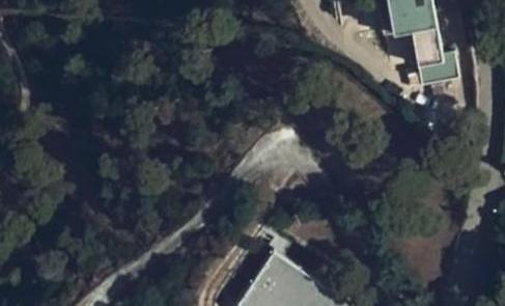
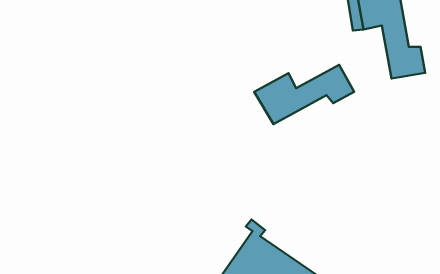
building: none -> [254,65,354,124]

